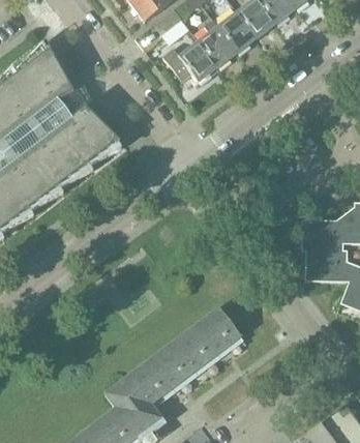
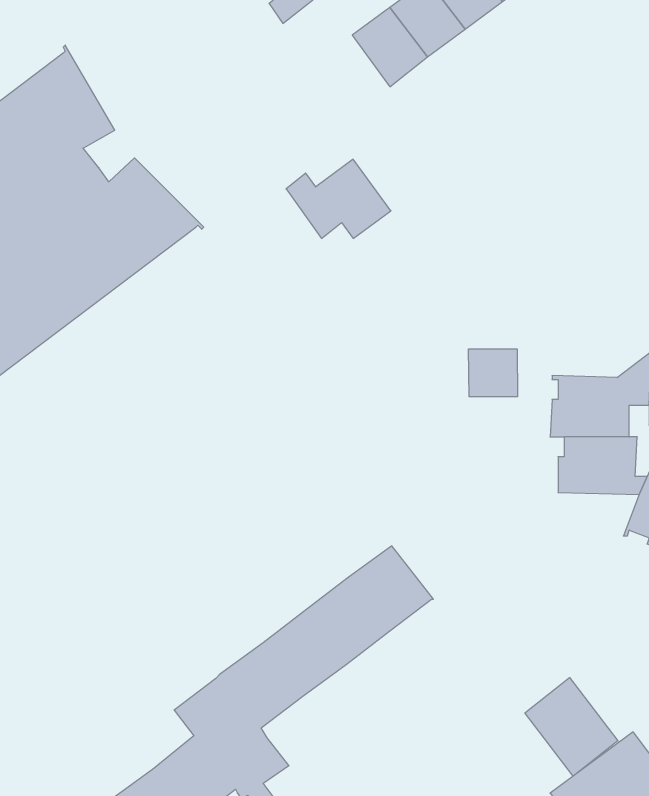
building: [162,41,217,83] -> [286,159,391,238]
building: none -> [469,349,518,397]
building: none -> [525,678,618,776]

